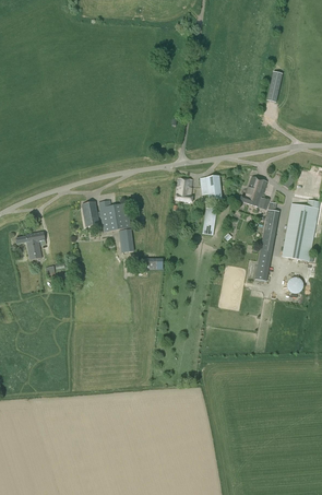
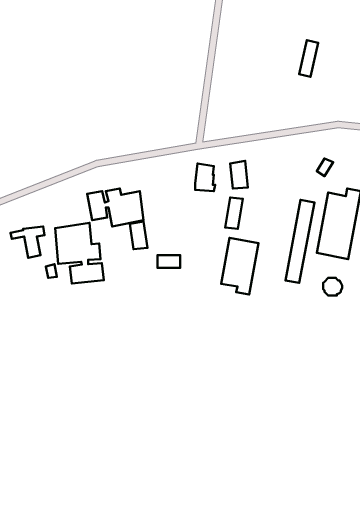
building: [239,176,267,209] -> none
building: none -> [55,223,104,283]
building: none -> [221,238,259,294]

